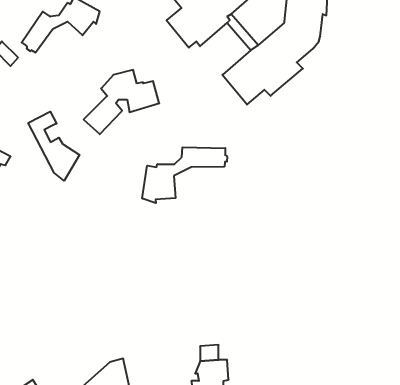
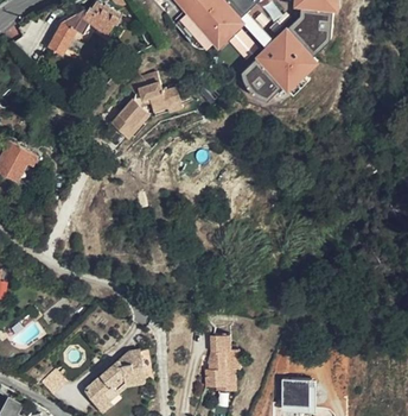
building: [28,112,79,181] -> none
building: [142,147,227,203] -> none

